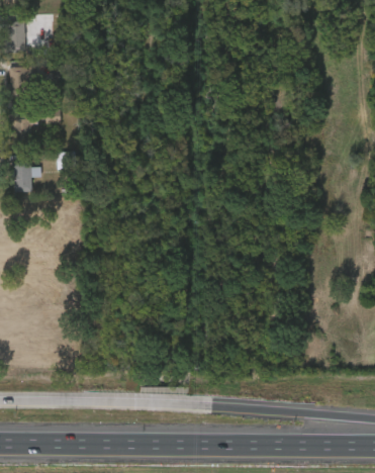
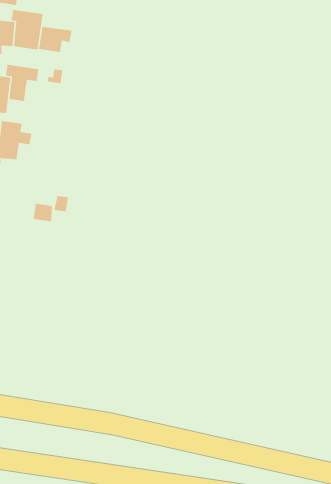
building: none -> [38,26,72,53]

